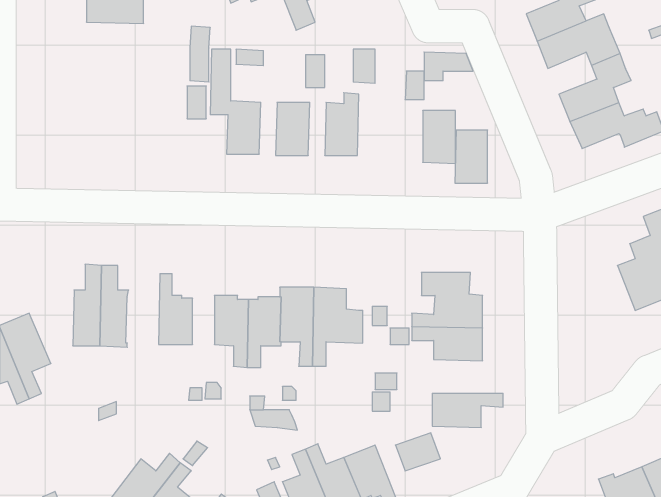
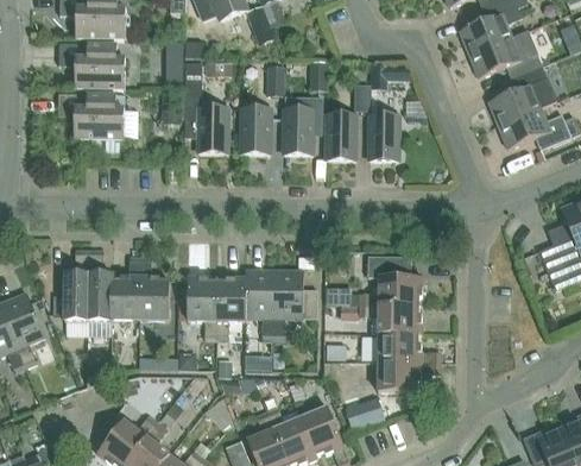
building: none -> [58,42,125,88]
building: none -> [58,92,125,138]
building: [455,130,488,183] -> [327,113,355,159]
building: none -> [110,256,140,319]
building: none -> [378,332,440,361]

